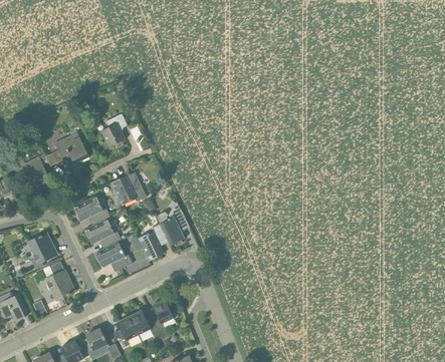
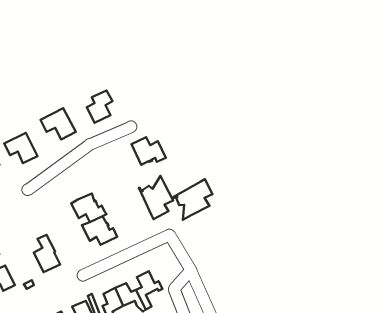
building: [110,176,146,205] -> [131,137,166,165]
building: [73,197,108,226] -> none
building: none -> [172,179,212,220]
building: [138,225,167,261] -> none
building: [27,234,56,263] -> none

